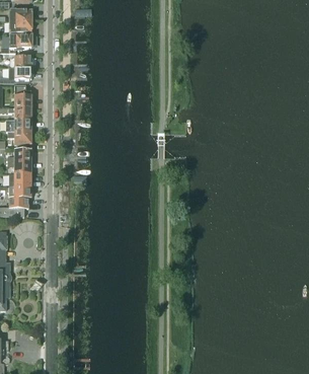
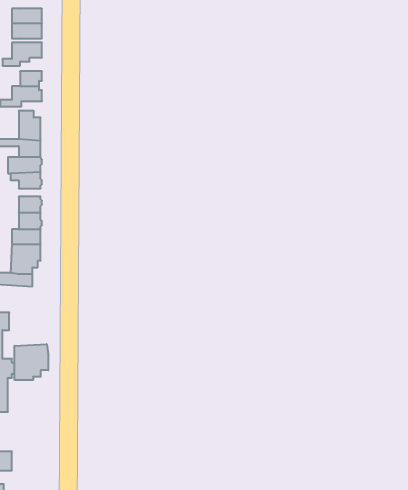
building: none -> [15,344,48,380]

